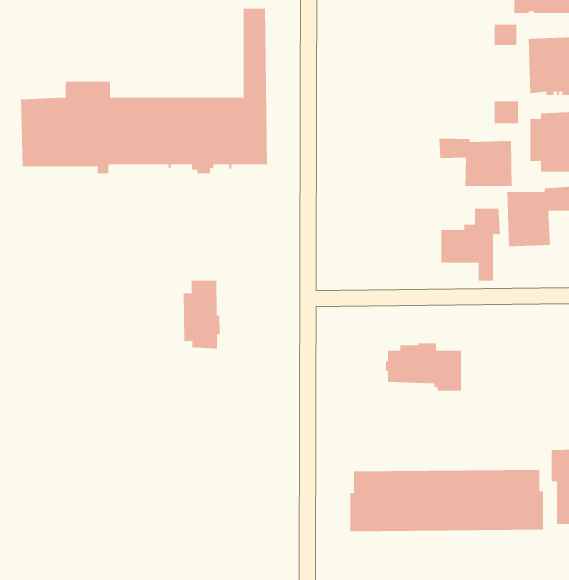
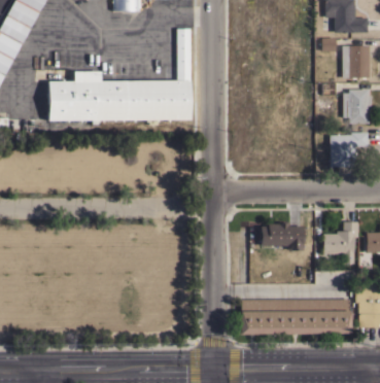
building: [439,138,512,187] -> none
building: [440,208,501,281] -> [323,222,358,265]
building: [183,280,220,350] -> none

